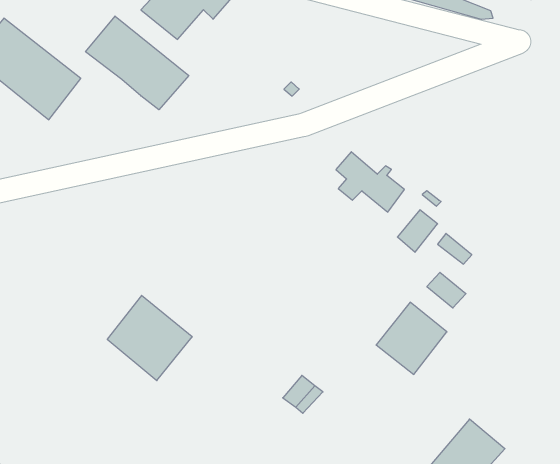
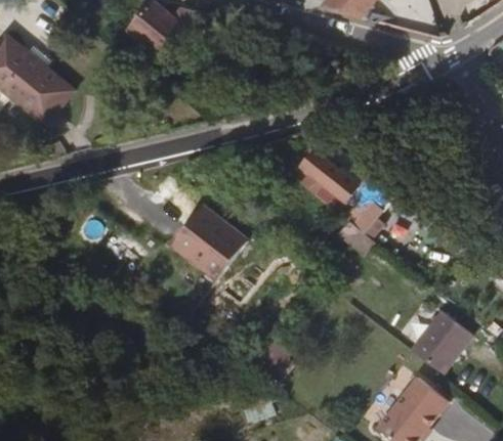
building: [86,16,189,110] -> none
building: [107,295,192,381] -> [173,205,247,278]
building: [376,302,447,374] -> [407,314,468,377]

